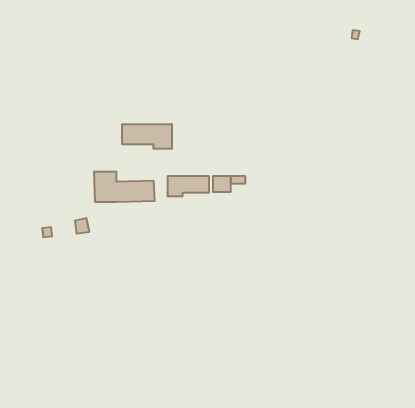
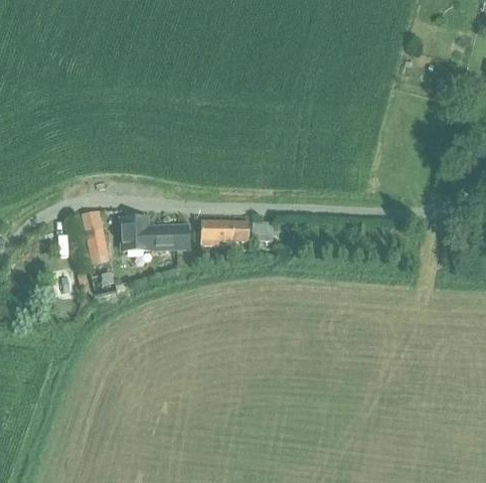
building: [122,124,172,149] -> none
building: none -> [83,215,108,262]

